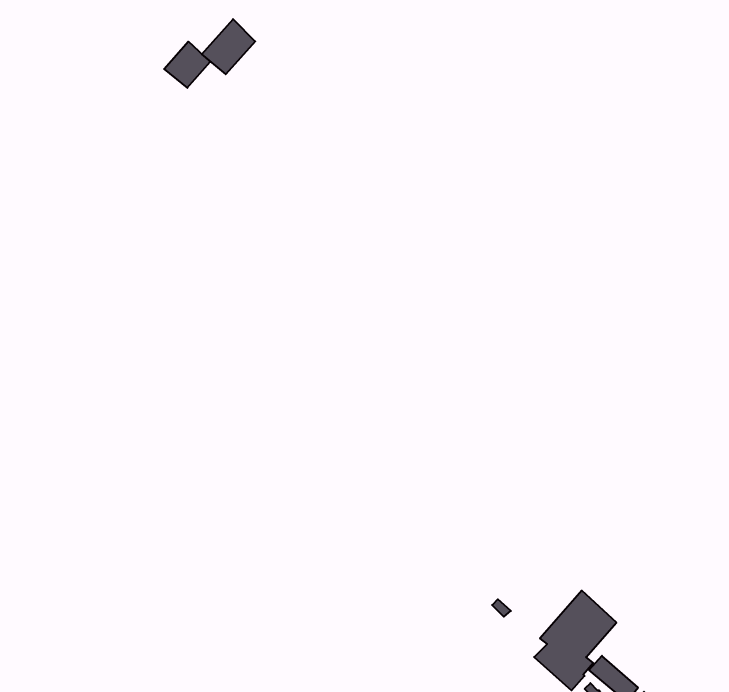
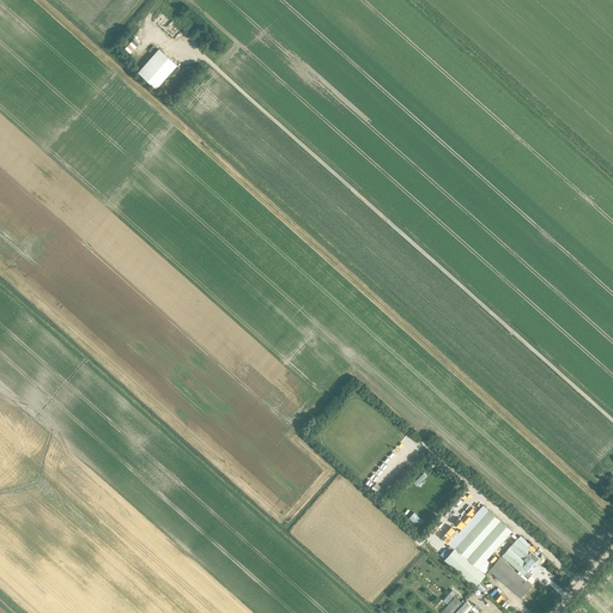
building: [202,19,255,74] -> none
building: none -> [503,538,539,579]

